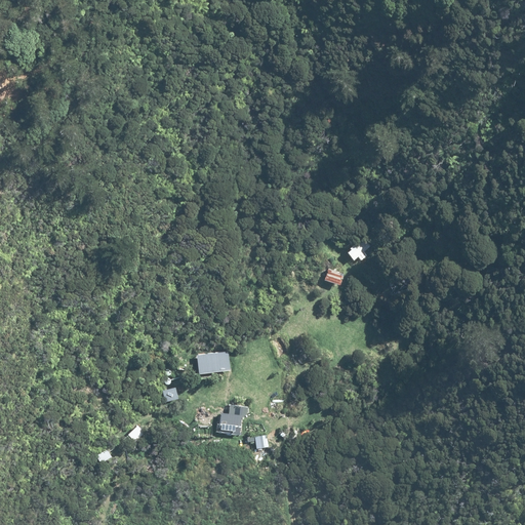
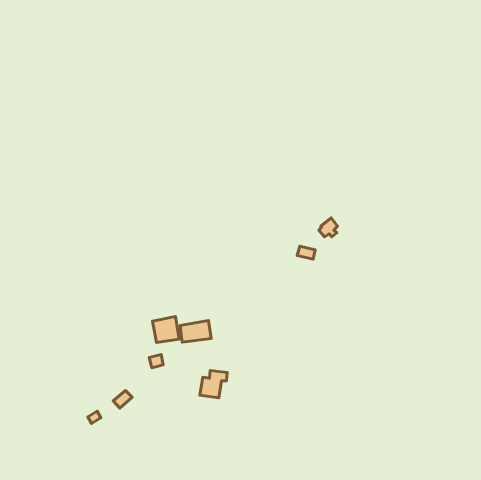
building: none -> [152,316,179,342]

